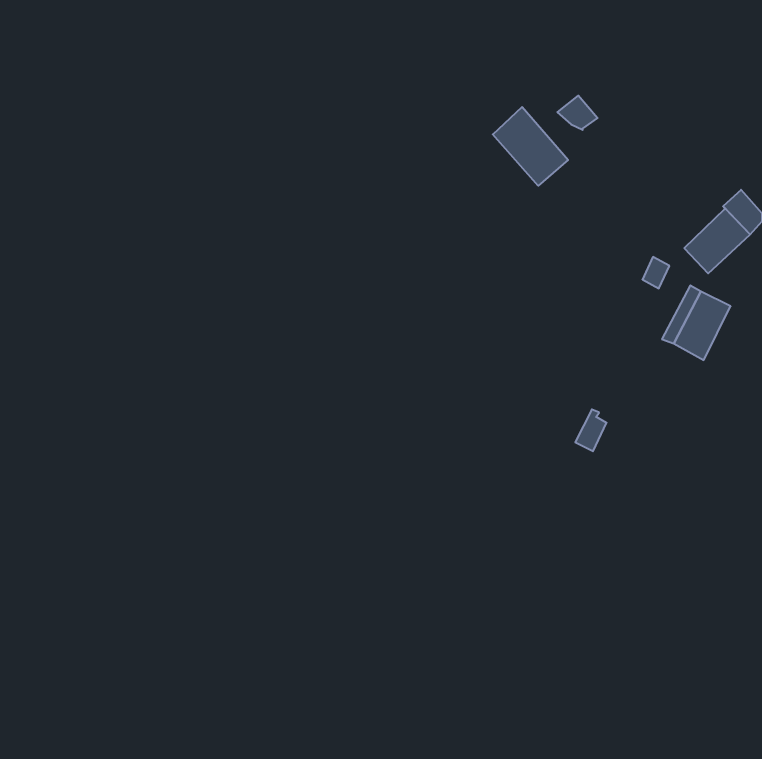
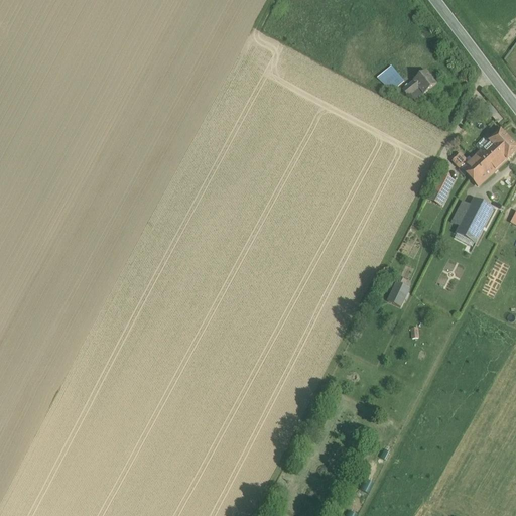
building: none -> [401,69,435,99]
building: [493,107,568,186] -> none

